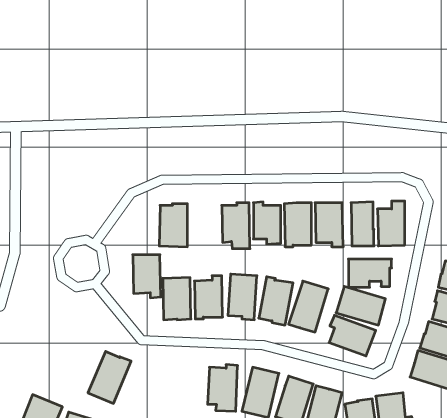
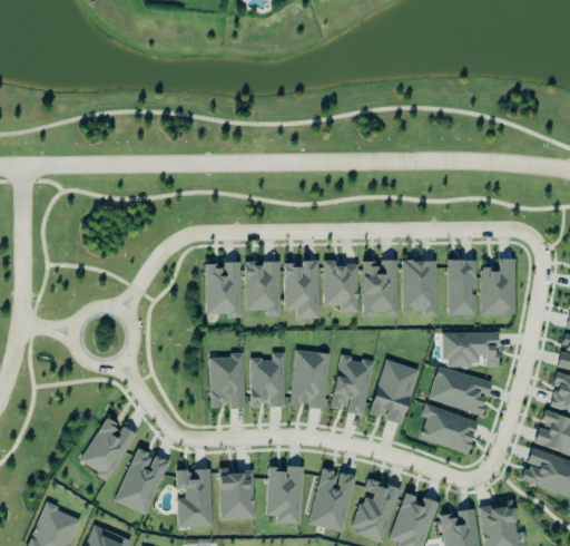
building: [133,255,161,298] -> [245,262,281,316]
building: none -> [81,418,136,482]
building: none -> [176,469,213,528]
building: none -> [218,469,255,520]

